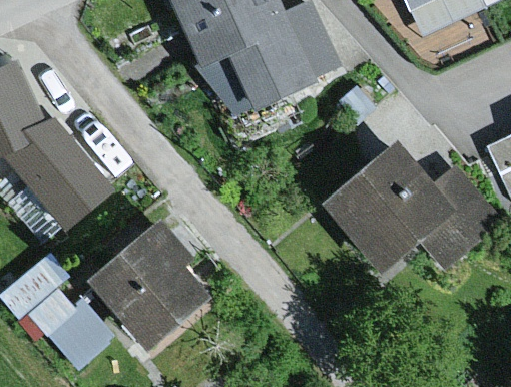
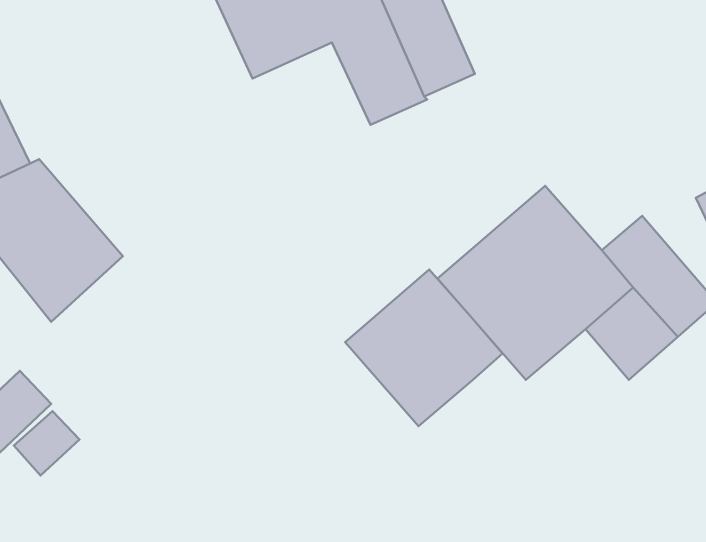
building: [198,45,278,118] -> none
building: none -> [345,269,502,426]
building: [85,217,207,349] -> none

